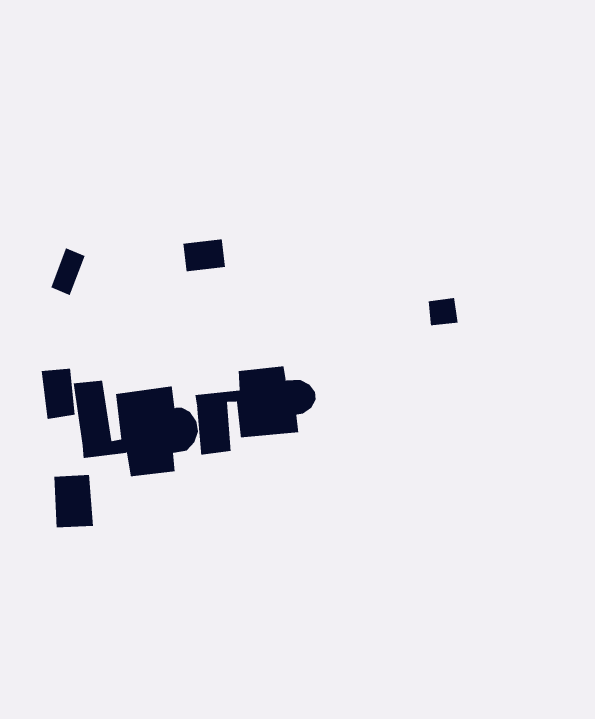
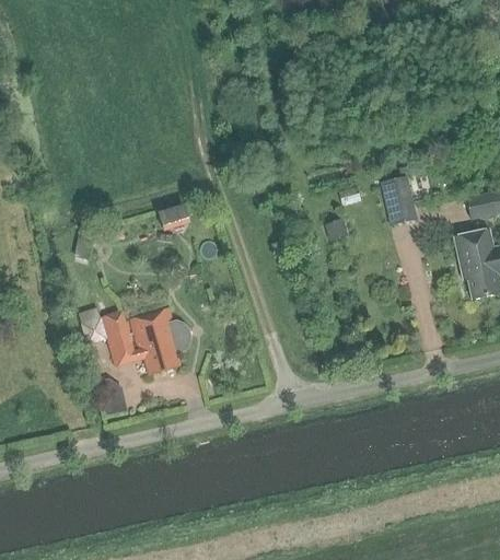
building: none -> [380,175,417,224]
building: [195,365,316,455] -> none

